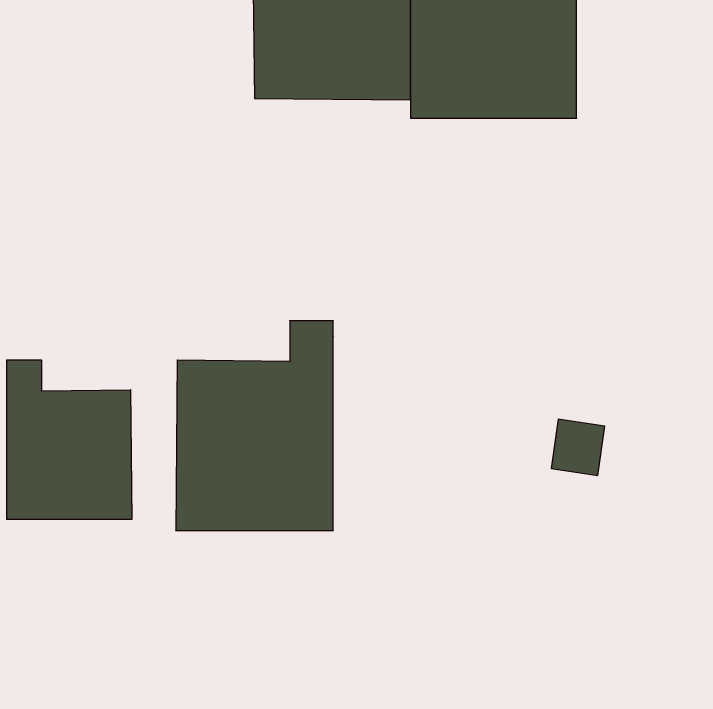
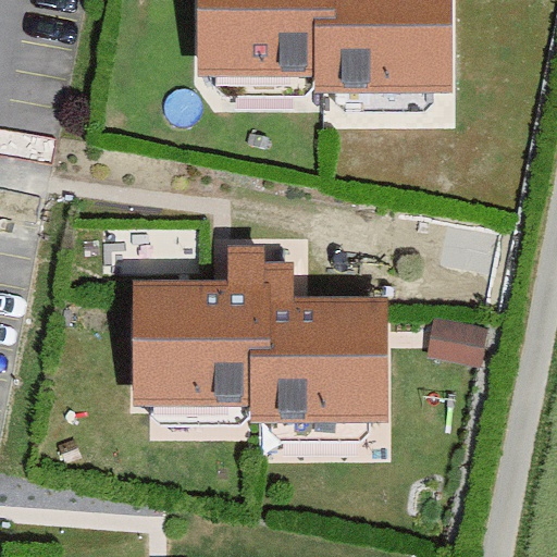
building: none -> [257,260,387,425]
building: [7,360,132,519] -> none

